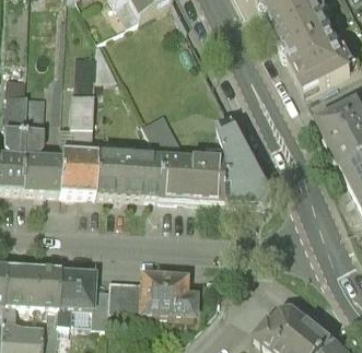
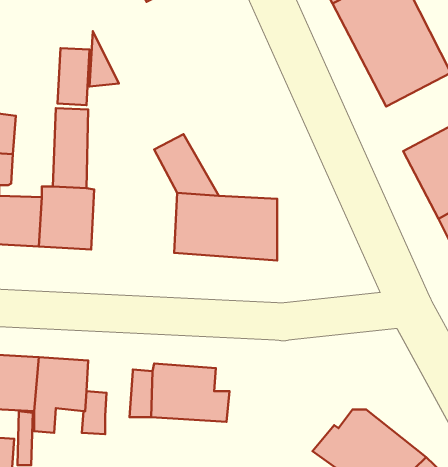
building: [217,117,272,201] -> none
building: [95,150,156,195] -> none
building: [105,278,125,311] -> none

